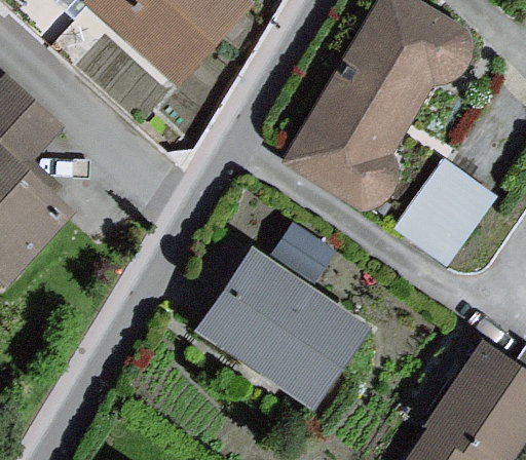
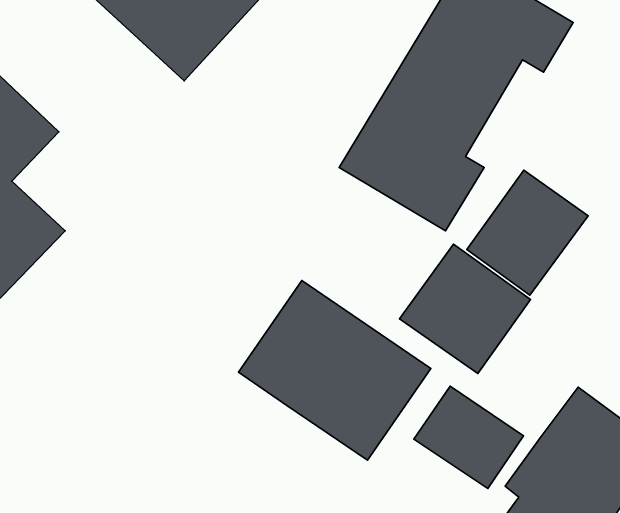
building: none -> [399,244,531,374]
building: none -> [414,386,523,489]

